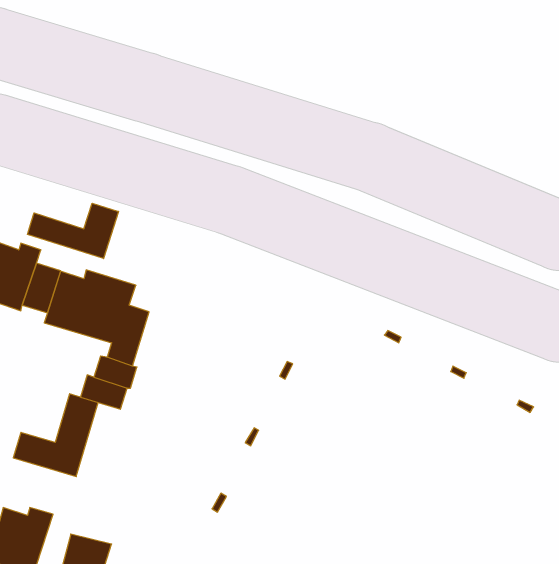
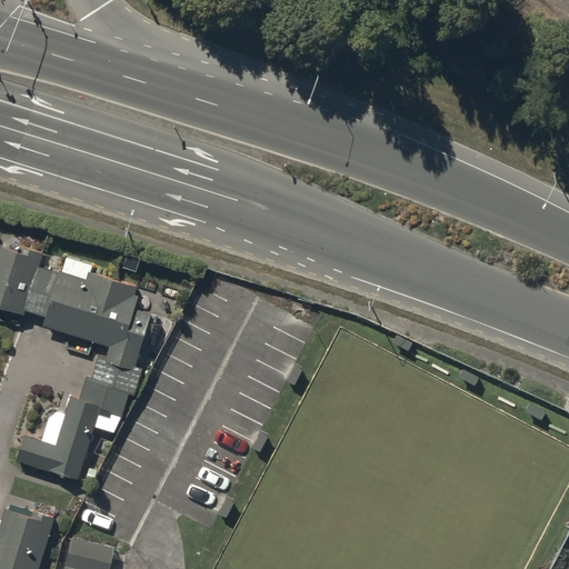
building: [27,203,118,259] -> none

